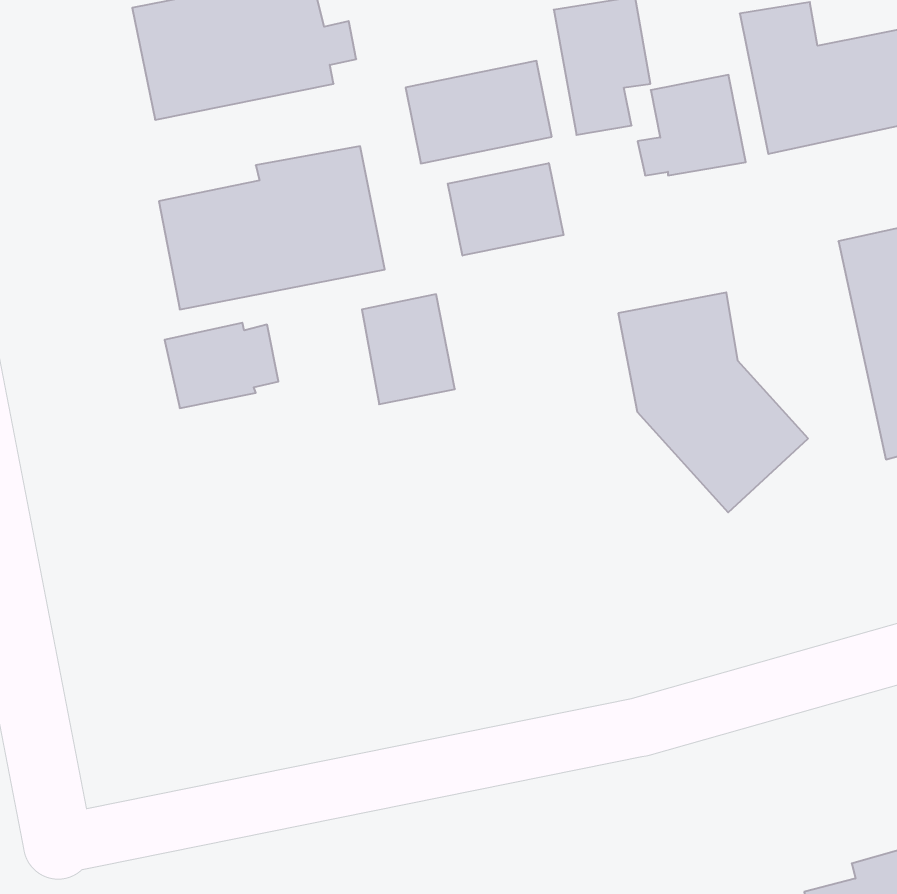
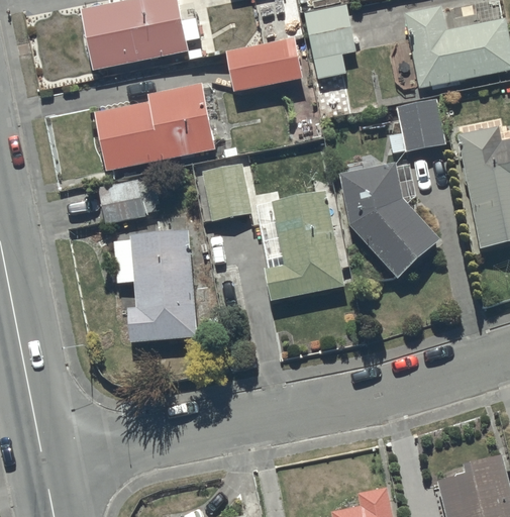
building: [638,75,746,175] -> [389,98,446,151]
building: [448,163,564,256] -> none
building: none -> [256,191,345,300]
building: none -> [113,230,198,341]

